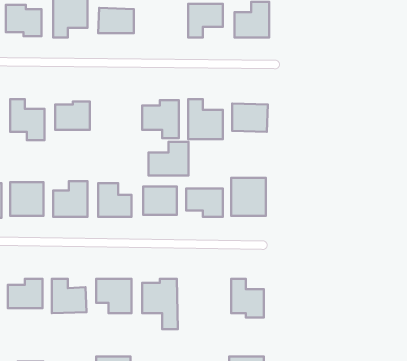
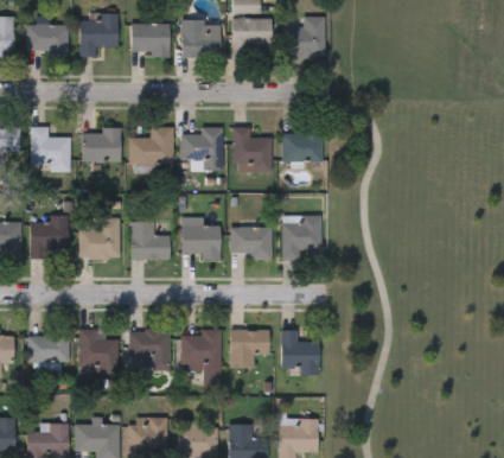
building: none -> [181,20,219,57]
building: [148,142,188,175] -> [128,127,173,165]
building: none -> [230,330,269,368]

